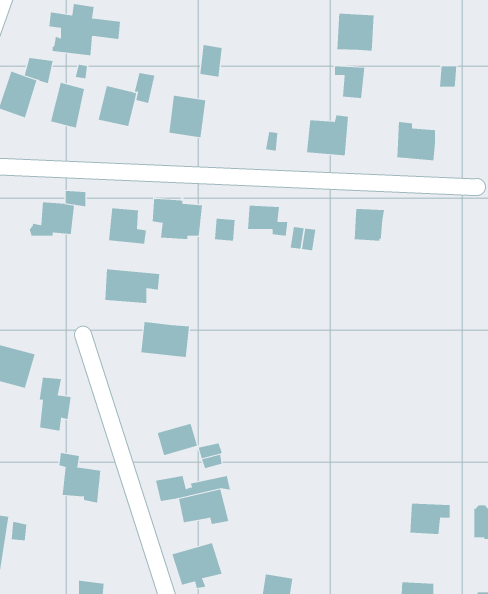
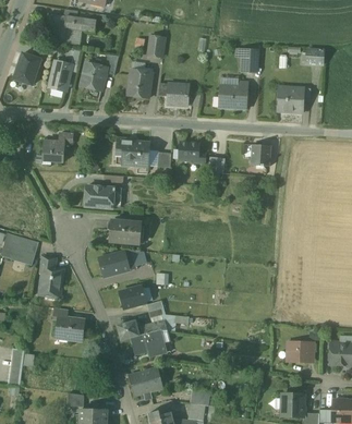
building: [337,13,374,52] -> none
building: none -> [159,82,191,106]
building: [109,208,146,245] -> none
building: none -> [99,249,142,276]

